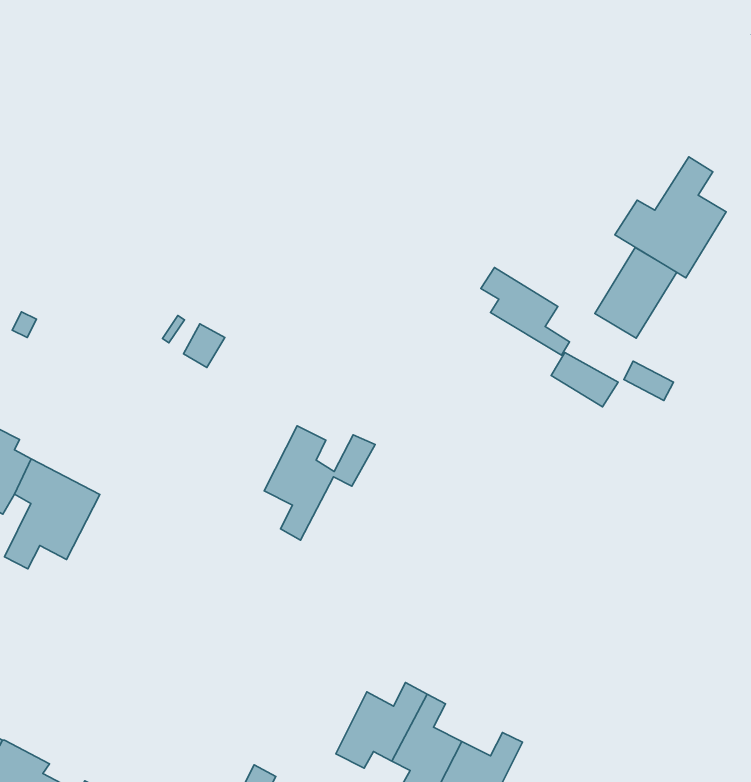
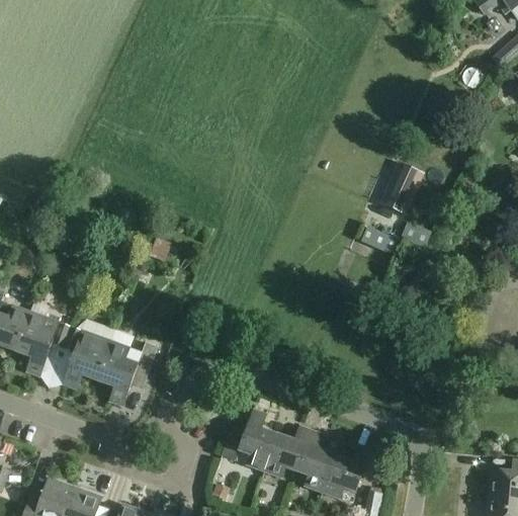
building: [615,157,726,278] -> none
building: [481,268,570,355] -> none
building: [264,426,375,540] -> [98,341,158,406]
building: none -> [223,410,278,471]

